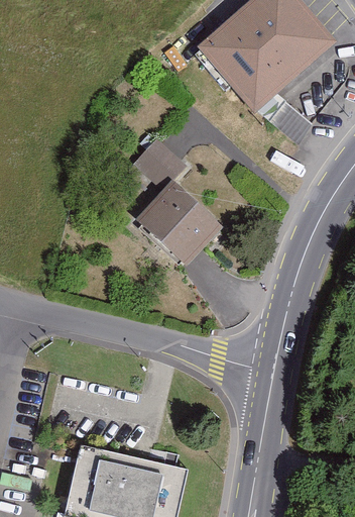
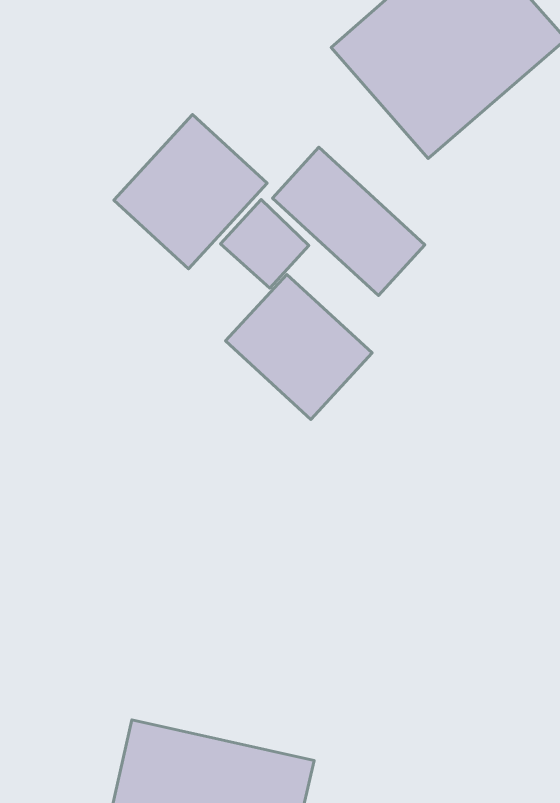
building: none -> [114,114,267,269]
building: none -> [272,147,425,296]

